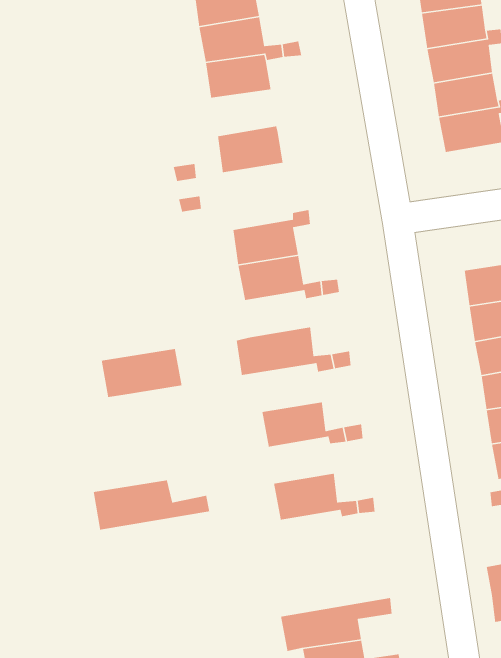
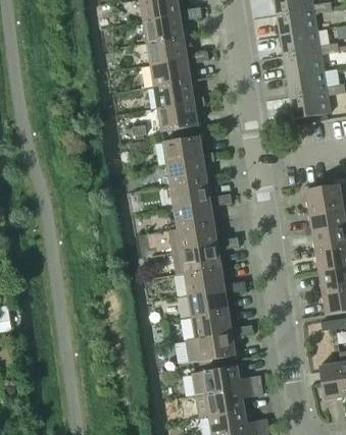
building: none -> [153,80,204,108]
building: none -> [162,135,202,164]
building: none -> [174,201,213,228]
building: [101,348,182,398] -> [171,244,220,274]
building: none -> [188,288,228,316]
building: [93,480,210,531] -> [191,365,261,395]
building: none -> [186,332,235,362]

